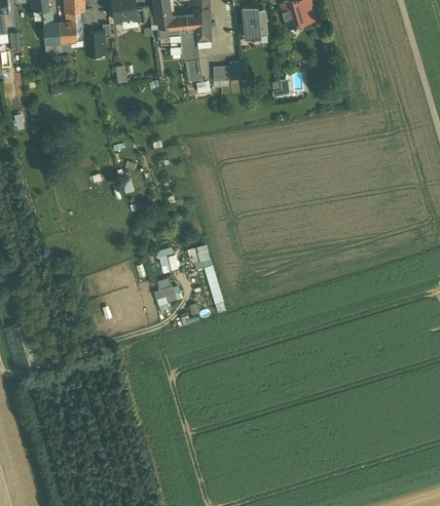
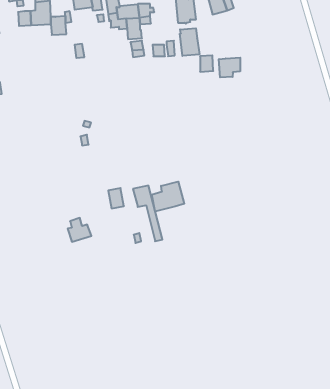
building: none -> [180,28,199,56]
building: none -> [219,58,240,77]
building: none -> [152,182,184,212]
building: [152,276,182,306] -> [68,218,91,242]

